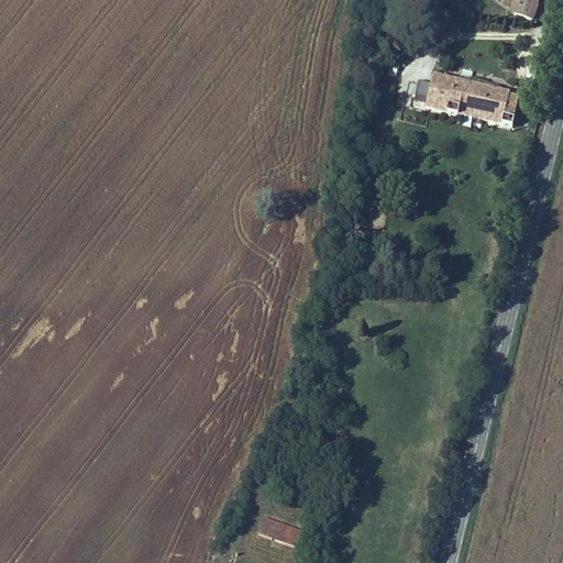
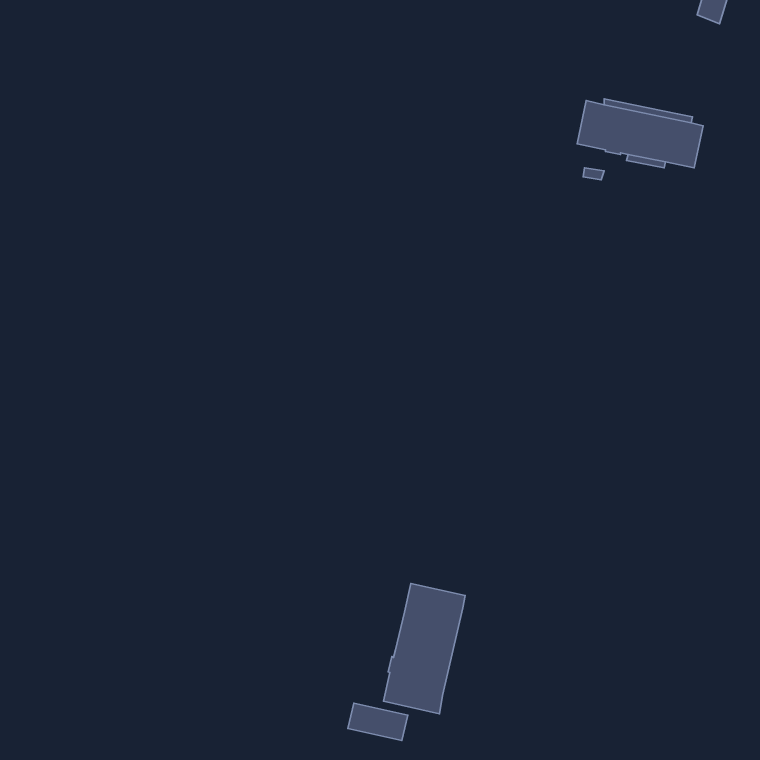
building: none -> [383,583,465,714]

